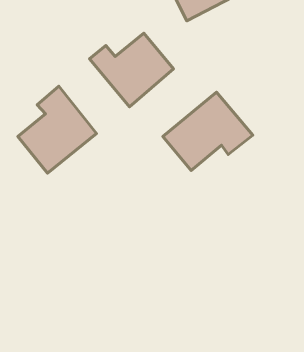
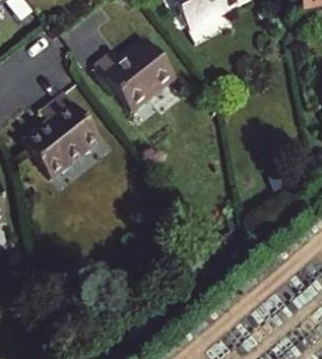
building: [163,92,253,170] -> none

